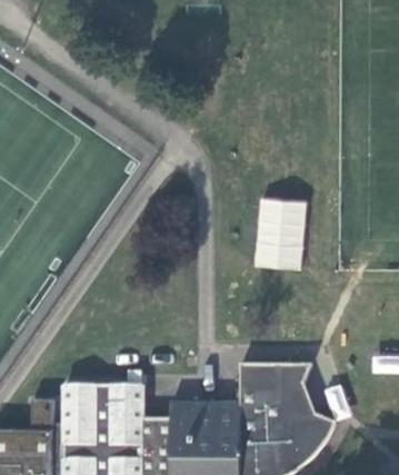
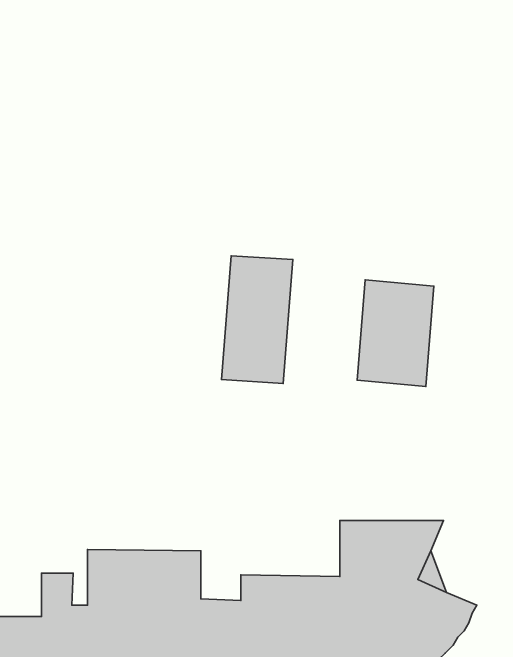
building: none -> [221,256,293,383]

